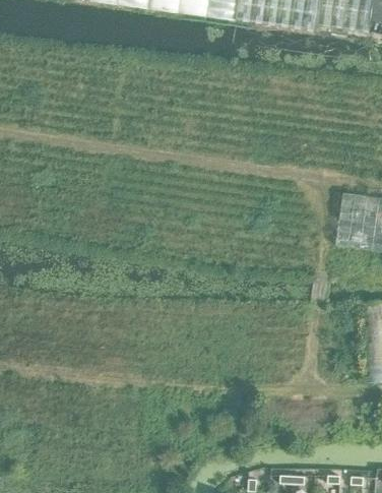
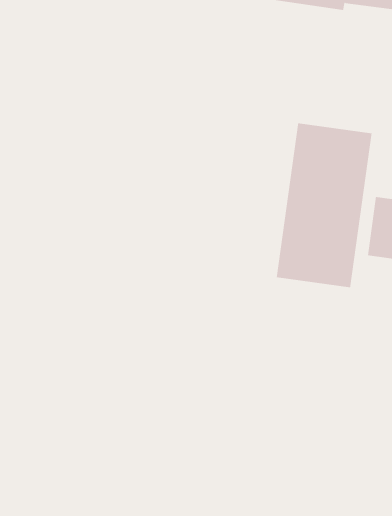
building: none -> [276,122,372,288]

